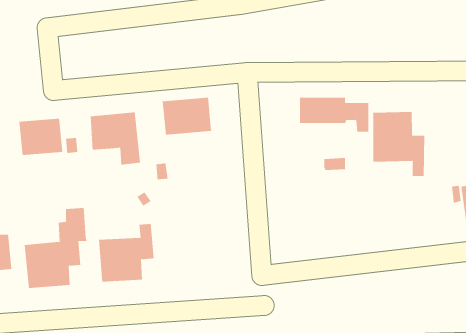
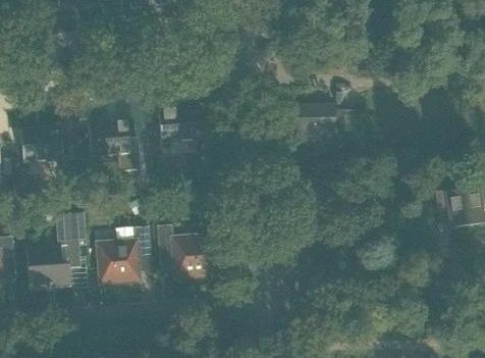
building: [373,111,425,177] -> none
building: none -> [157,225,213,277]

